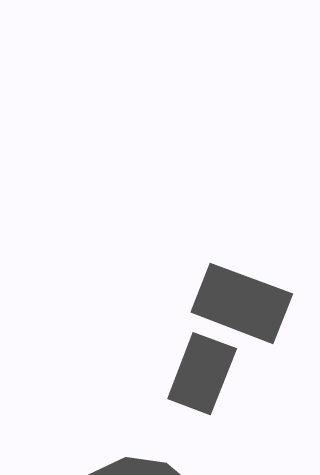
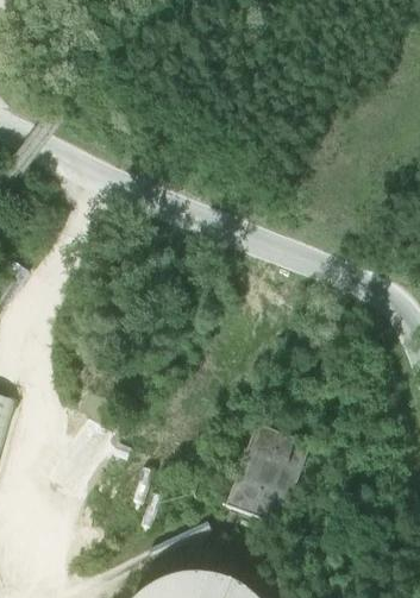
building: [190,262,294,345] -> none

